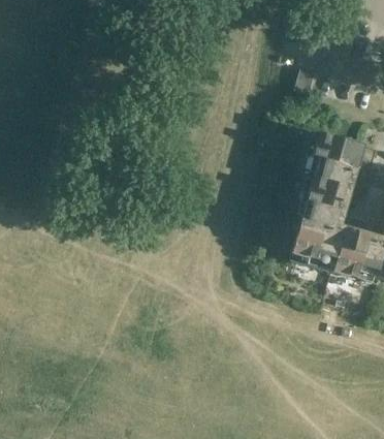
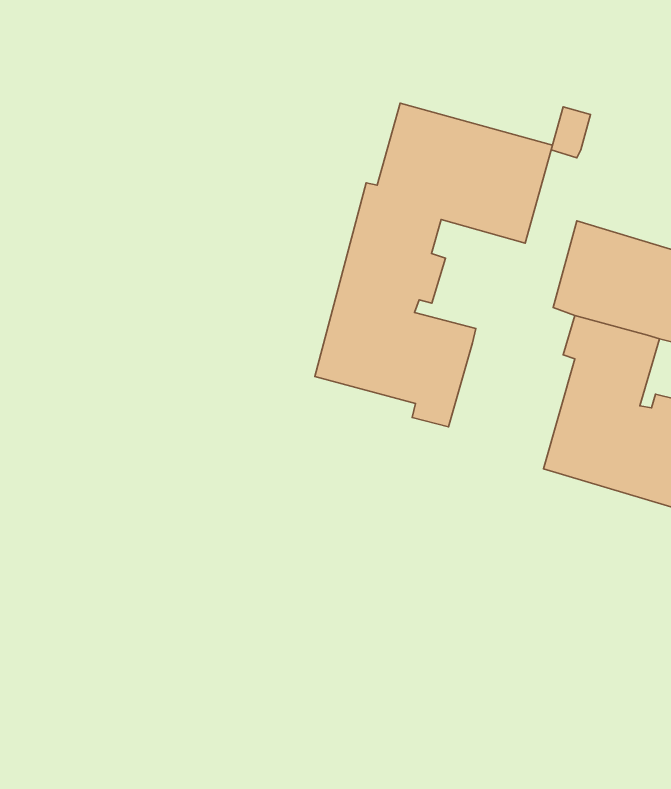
building: none -> [315,103,553,427]

